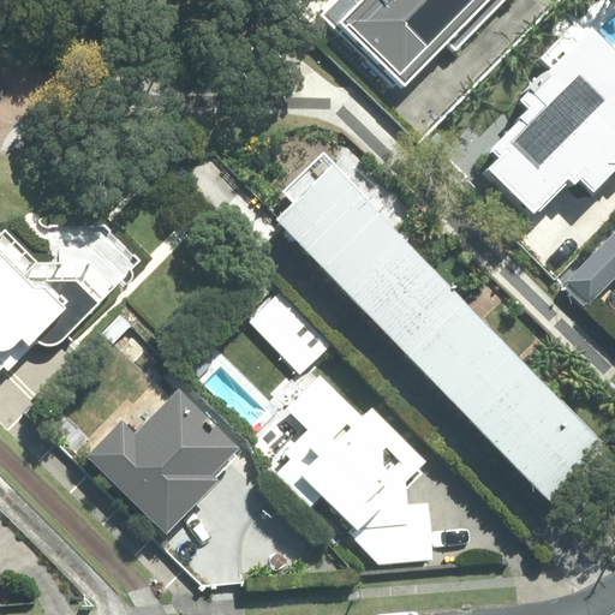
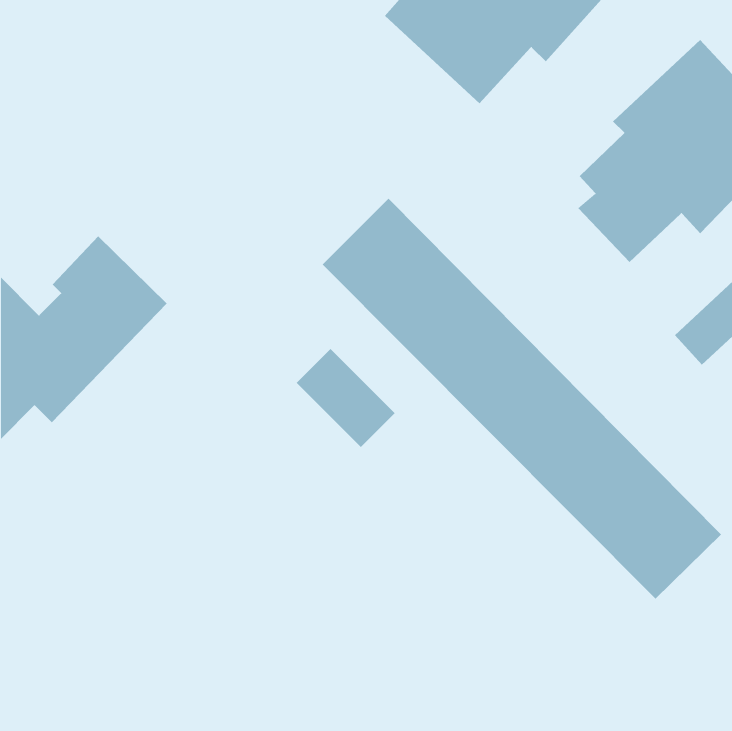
building: [78,358,247,535] -> none
building: [275,372,432,560] -> none

